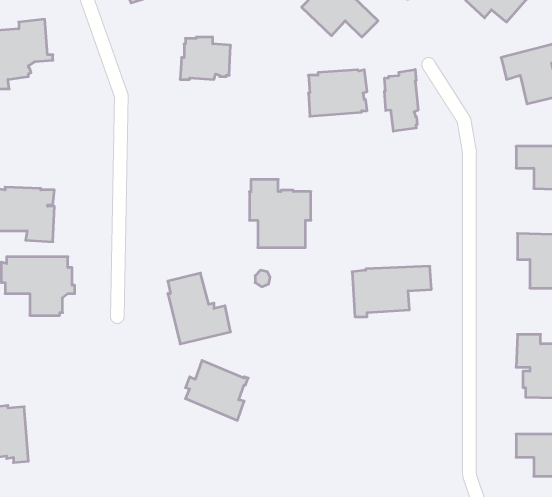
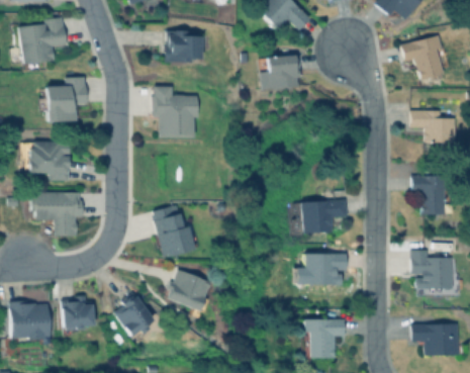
building: [384,69,418,131] -> none
building: none -> [38,78,88,121]
building: [249,179,311,248] -> [153,87,198,137]
building: none -> [294,254,349,287]
building: none -> [114,293,155,341]
building: none -> [64,296,98,337]
building: none -> [303,310,347,365]

